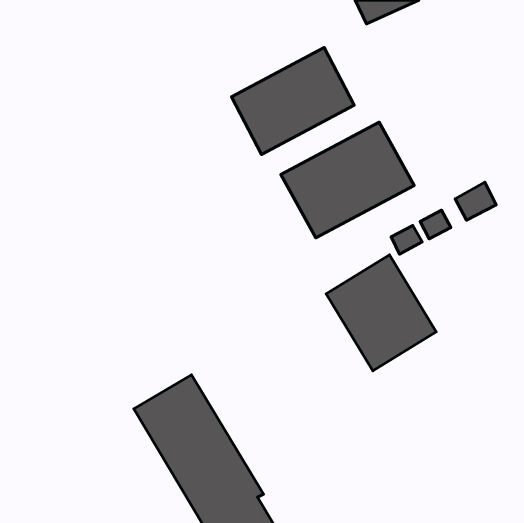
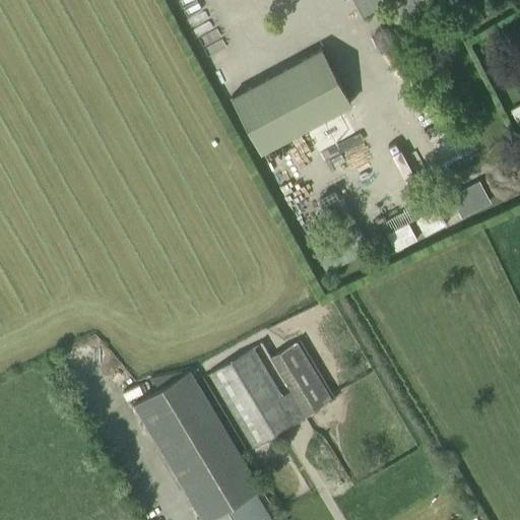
building: [281,122,414,238] -> none
building: [326,255,436,371] -> none
building: none -> [209,344,332,450]

